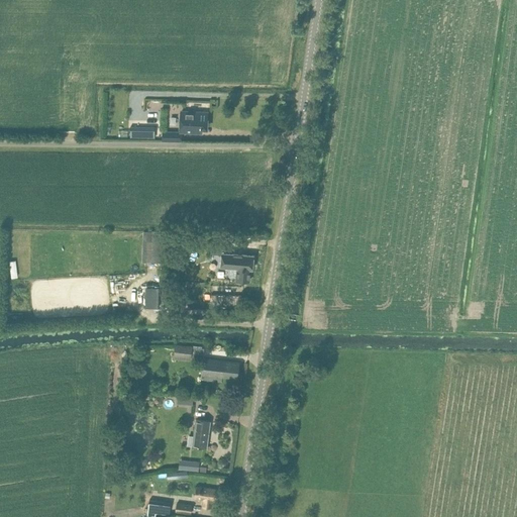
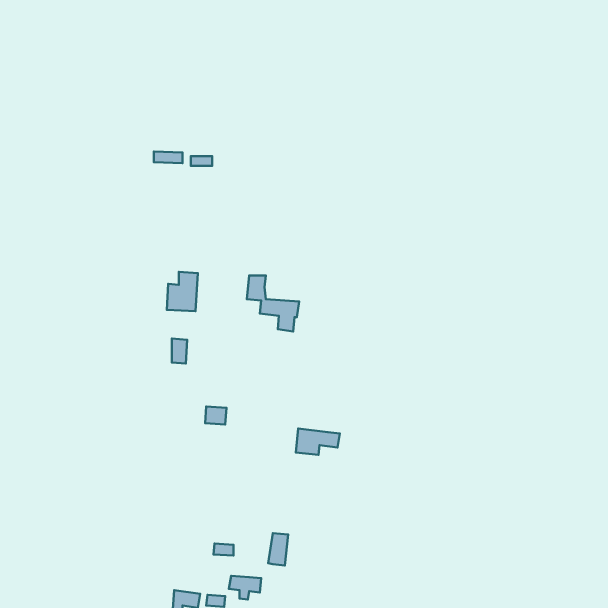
building: [180,113,207,132] -> none
building: [201,359,238,382] -> [296,429,340,455]
building: [192,421,209,448] -> [268,533,288,565]

